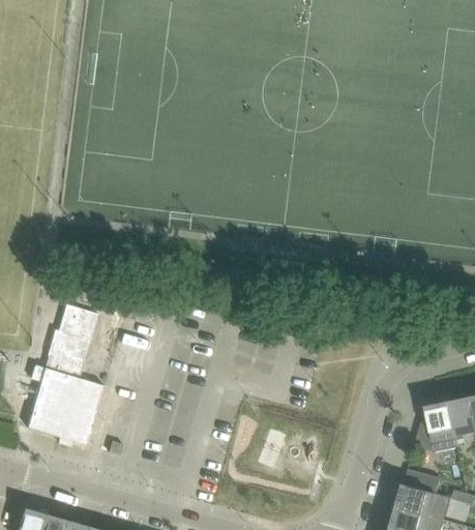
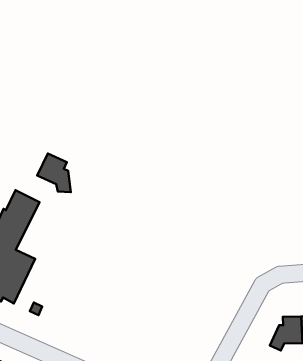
building: none -> [37,153,71,192]

